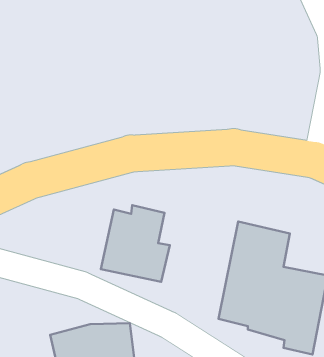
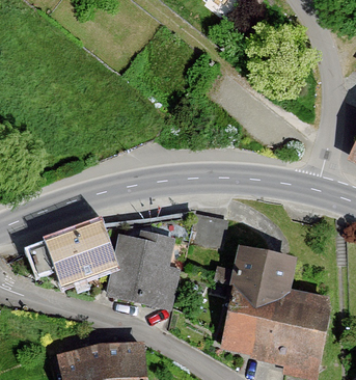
building: none -> [27,219,116,282]

